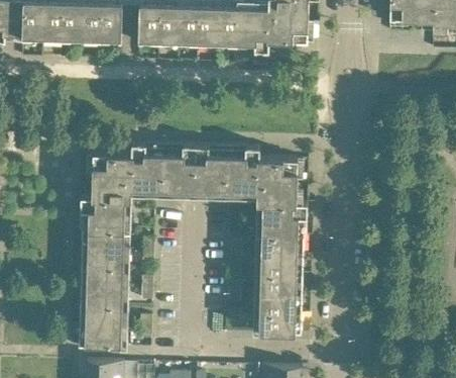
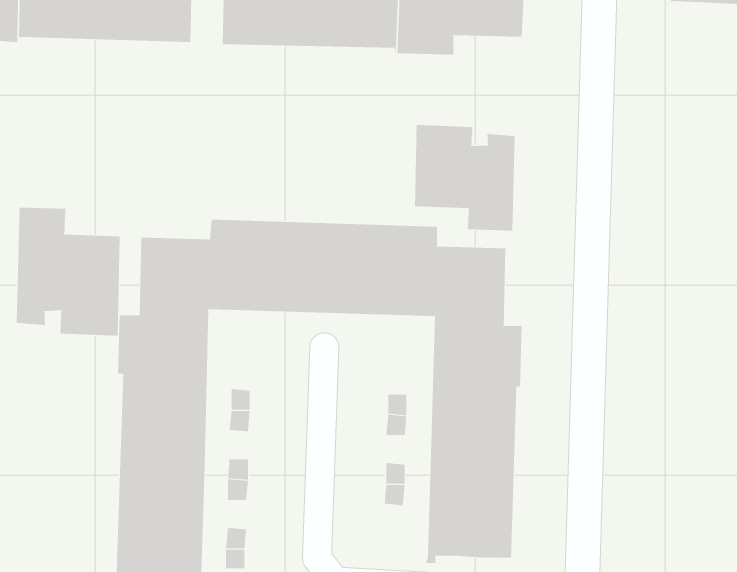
building: none -> [415,124,515,231]
building: none -> [16,207,120,336]

